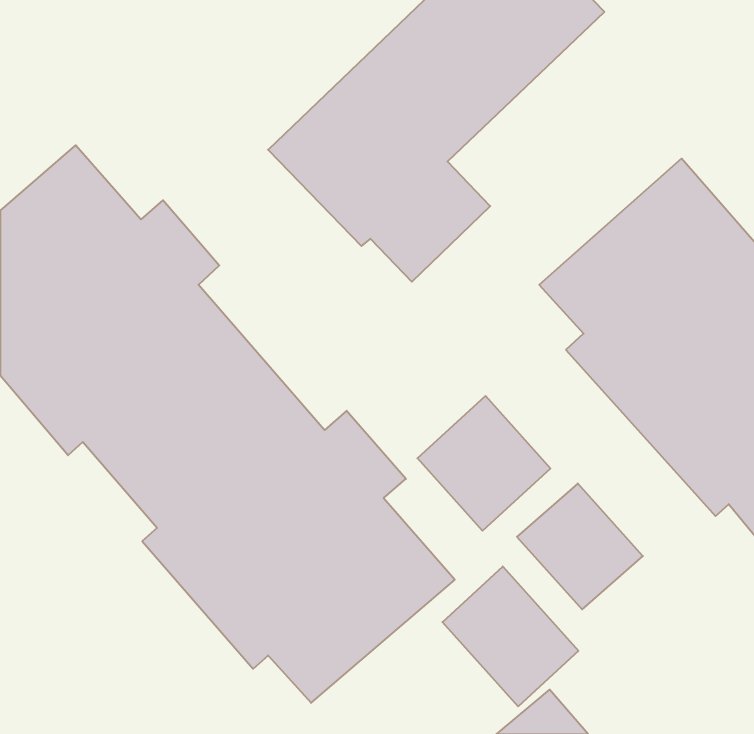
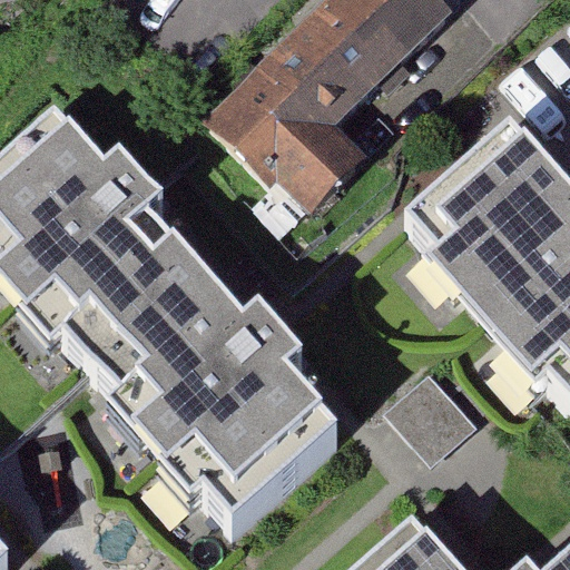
building: [417,396,550,531] -> none
building: [442,566,578,706] -> none

